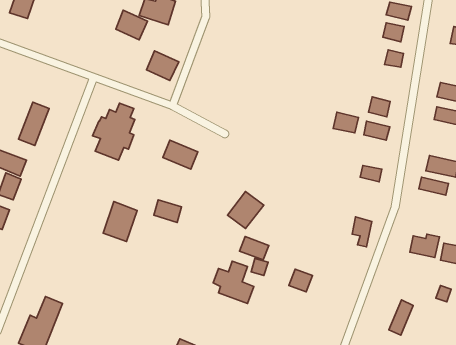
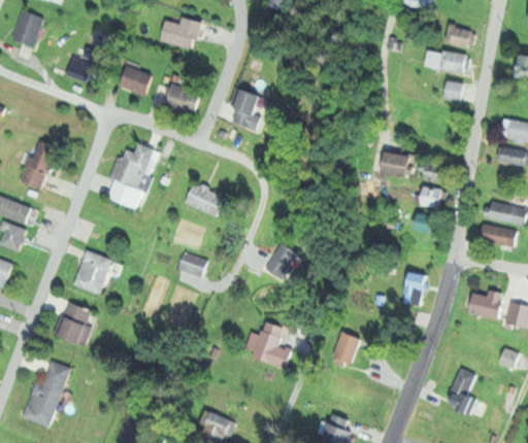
building: [116,10,147,40] -> [119,63,155,97]
building: none -> [65,55,91,79]
building: none -> [231,87,265,132]
building: [369,97,390,117] -> [418,185,442,208]
building: [103,202,137,241] -> [73,248,112,294]
building: [240,237,269,260] -> none
building: none -> [59,303,100,345]

